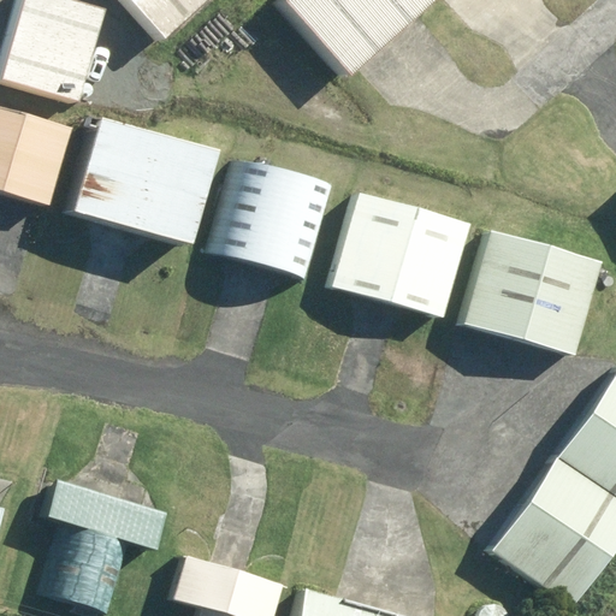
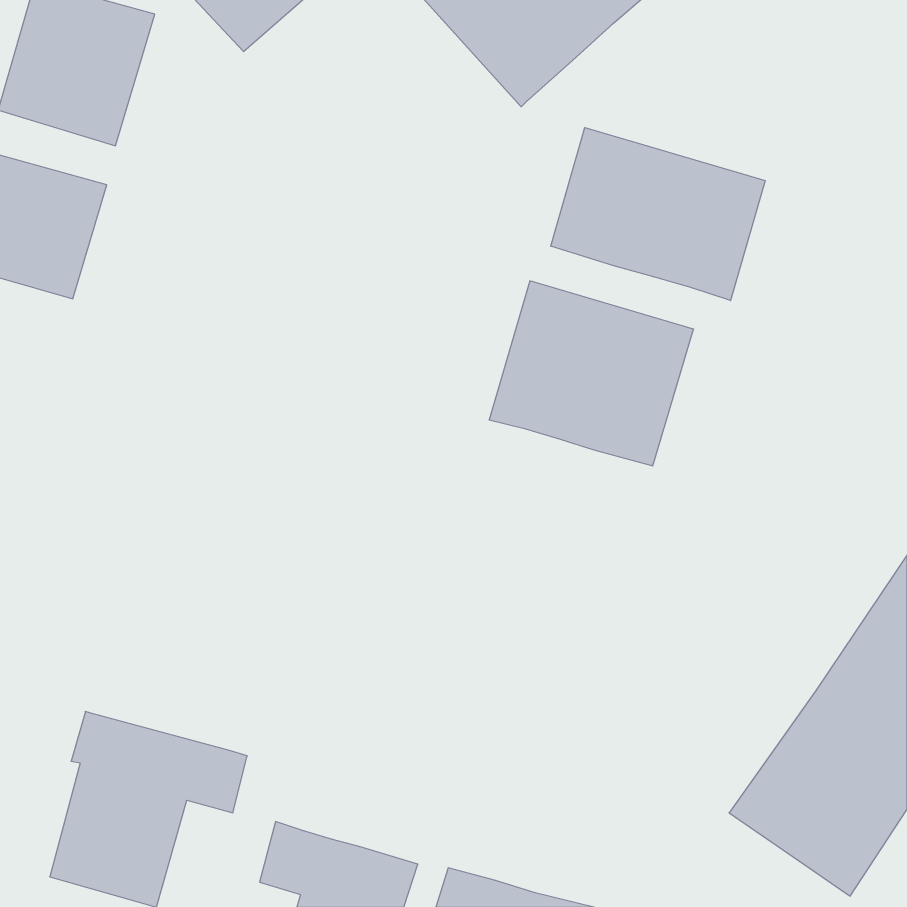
building: none -> [551,128,765,301]
building: [76,116,219,243] -> none
building: [205,155,330,278] -> none
building: [463,230,600,354] -> none

